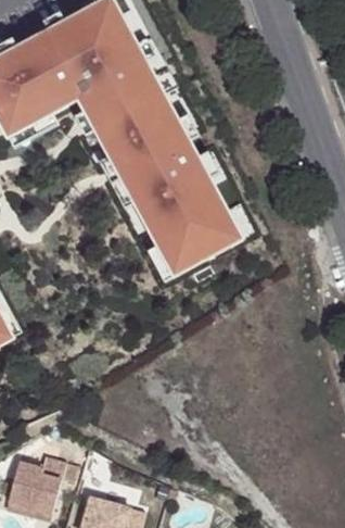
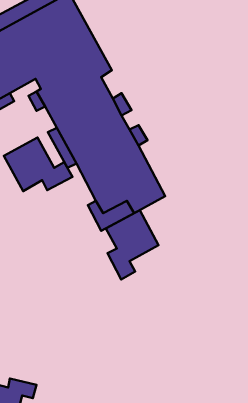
building: none -> [4,137,73,191]
building: none -> [106,210,159,279]

